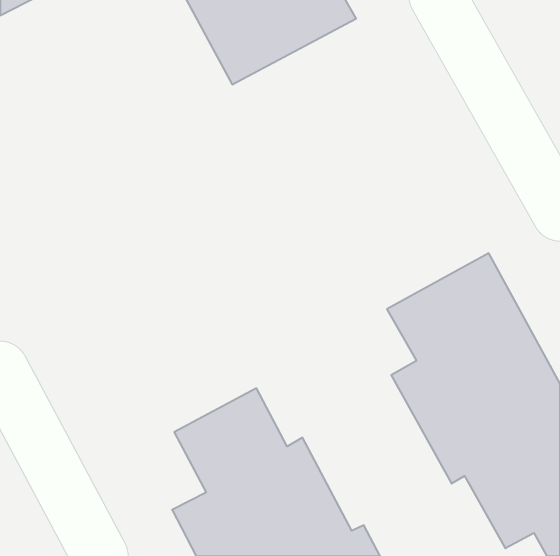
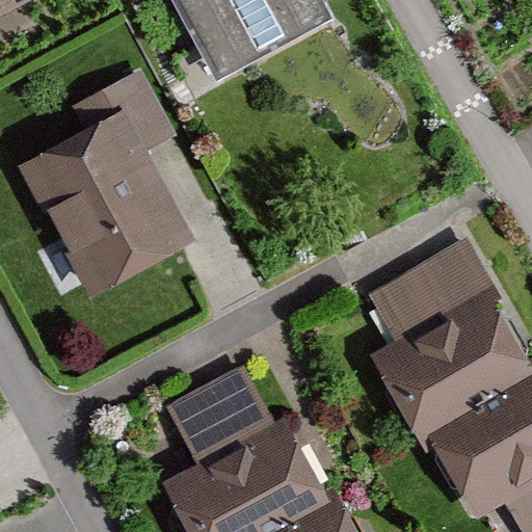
building: none -> [17,72,191,299]

